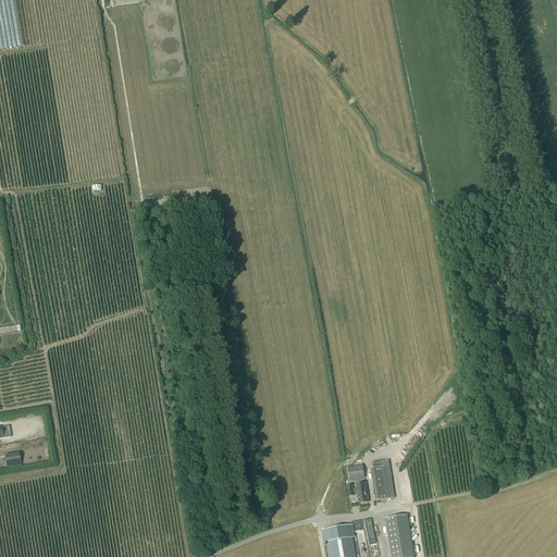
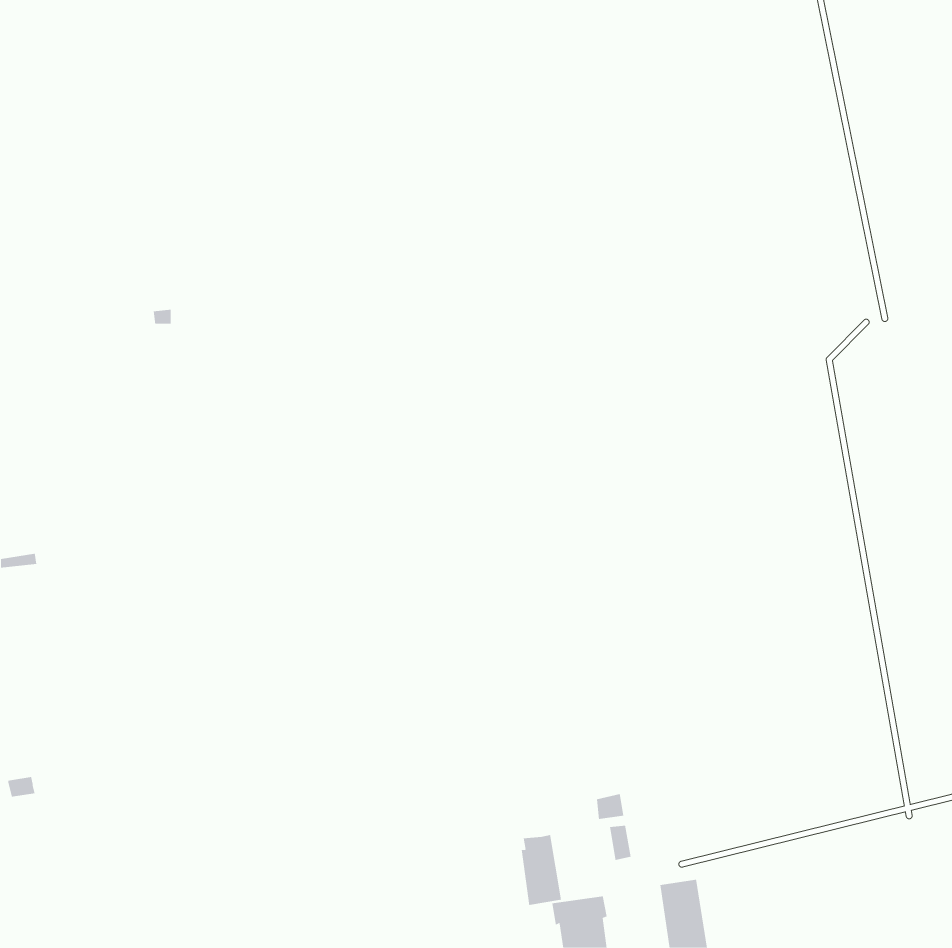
building: [371,458,395,499] -> [521,835,562,905]

